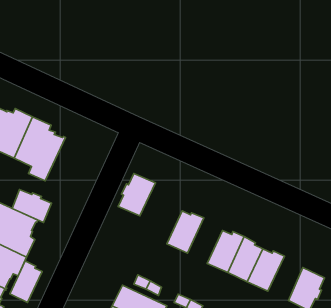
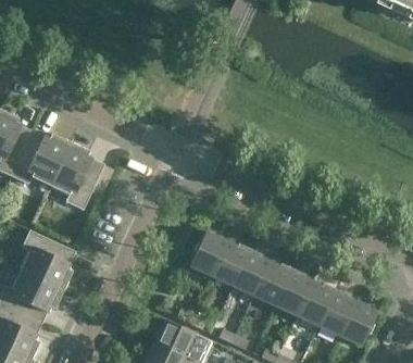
building: [118,173,155,216] -> [188,231,227,276]
building: [12,190,51,223] -> none
building: none -> [233,249,270,297]
building: none -> [317,289,354,336]
building: [10,261,42,303] -> none

